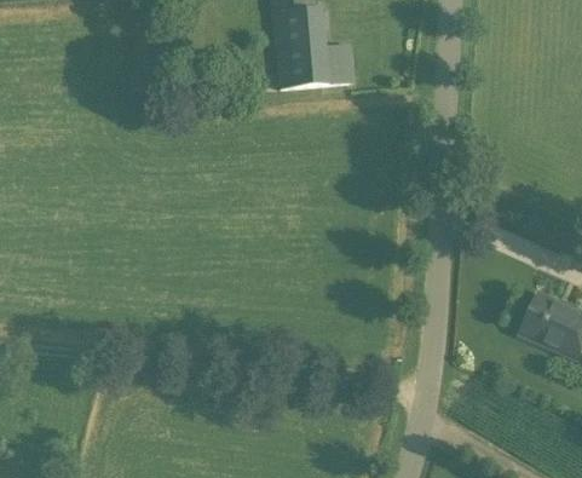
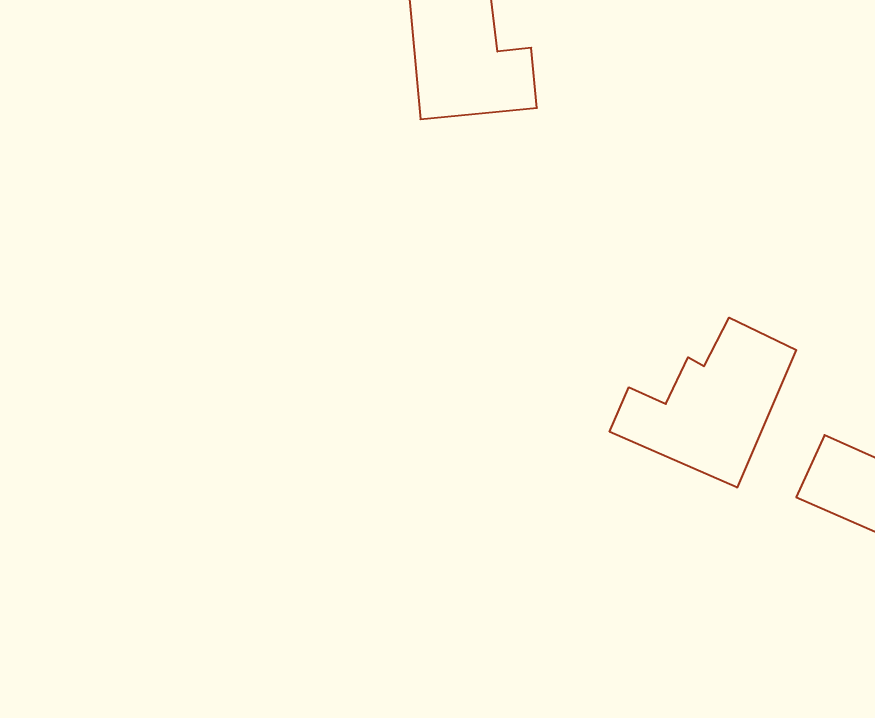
building: none -> [610,318,796,488]

